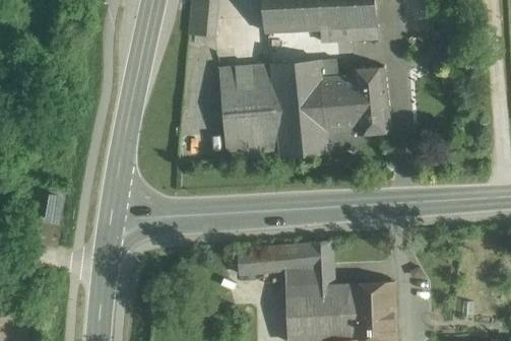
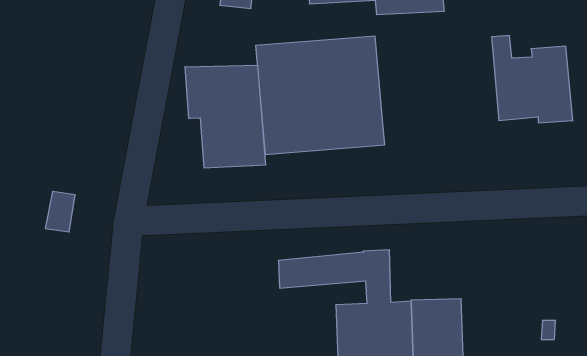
building: [319,59,388,133] -> [492,36,573,123]
building: none -> [185,65,265,168]

